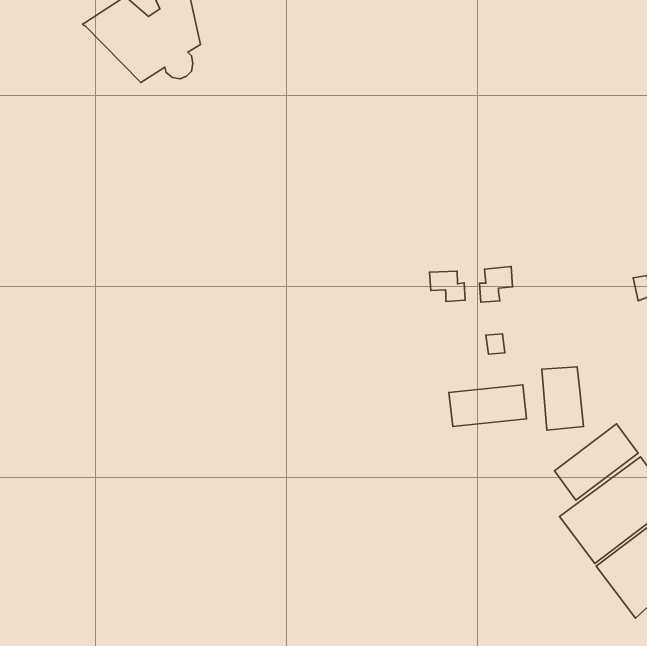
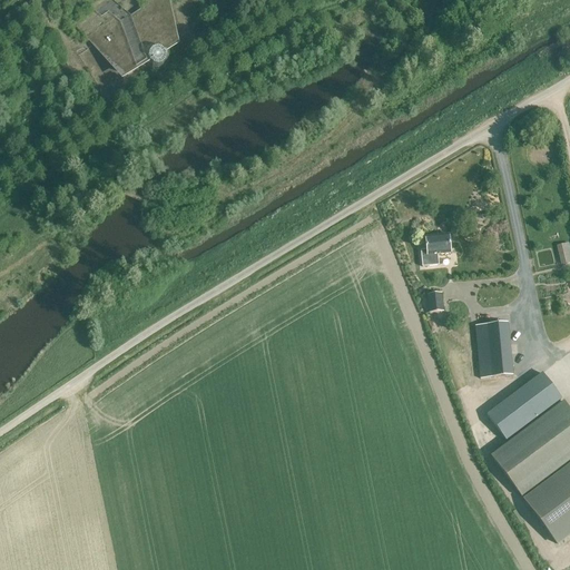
building: [430,271,465,301] -> none
building: [449,385,527,427] -> none

